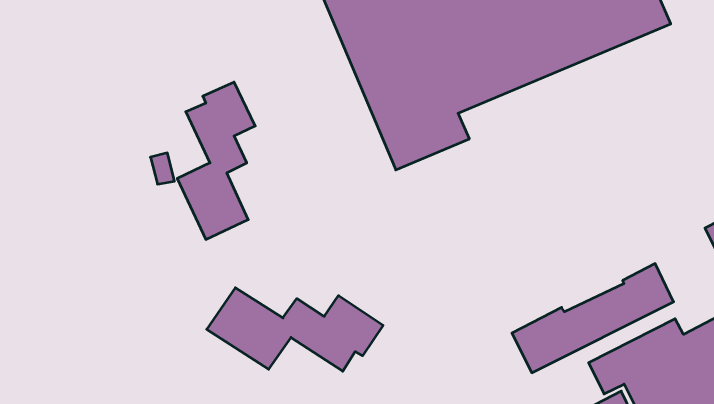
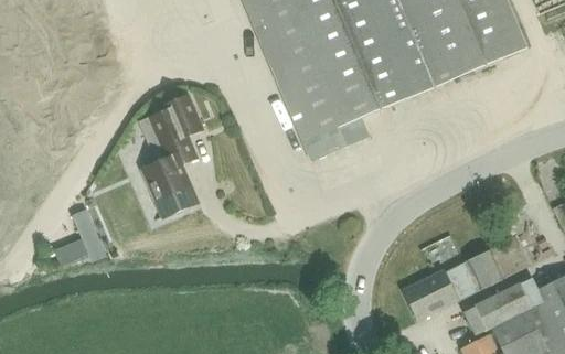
building: none -> [55,207,107,267]
building: [207,288,383,371] -> none

